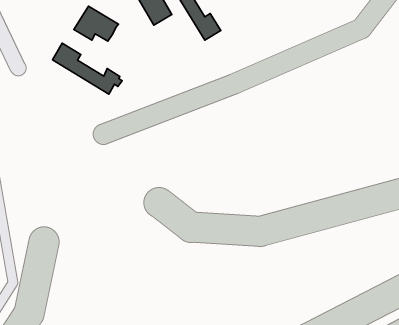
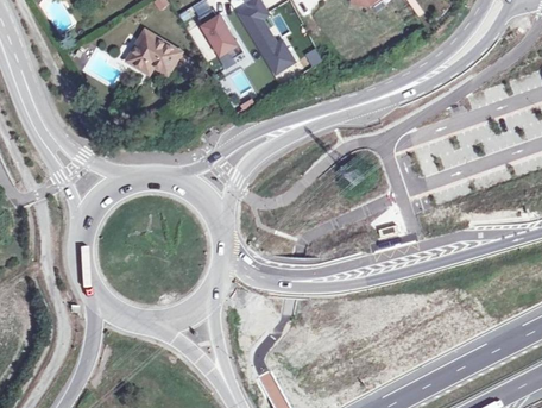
building: [52,43,122,94] -> none

